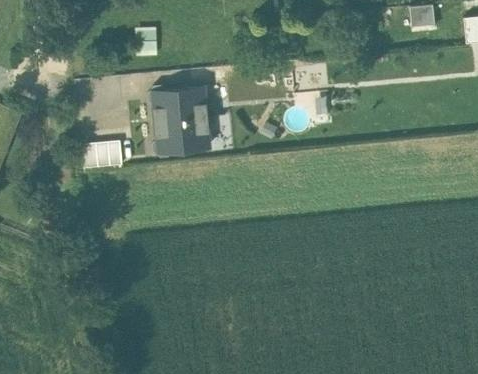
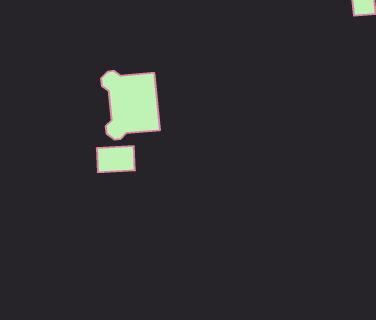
building: [136,27,157,55] -> none
building: [82,141,122,168] -> [97,146,135,172]

